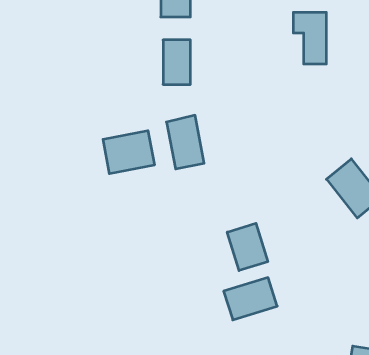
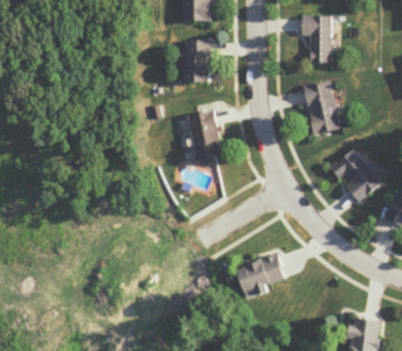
building: none -> [305,82,340,134]
building: [103,131,154,174] -> none
building: [227,223,268,271] -> none

